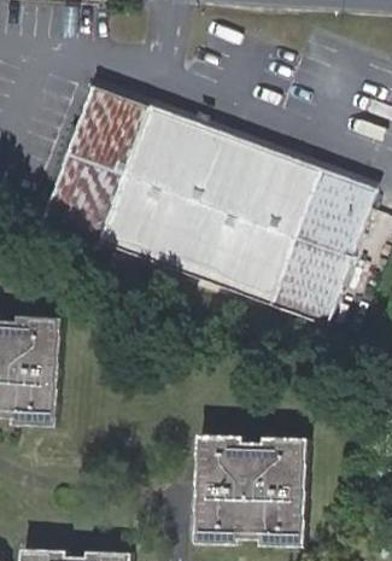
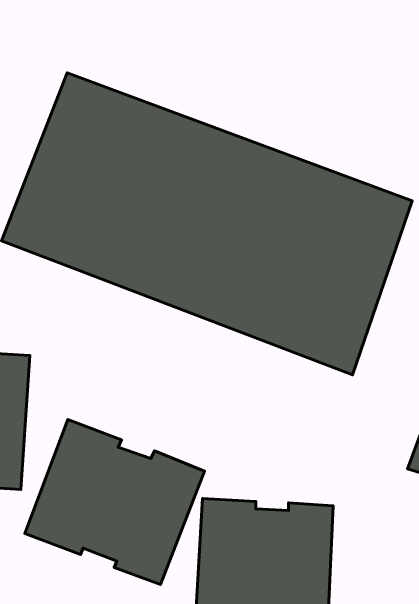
building: none -> [25,419,205,584]

